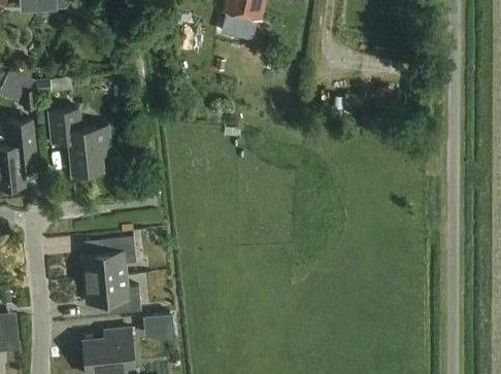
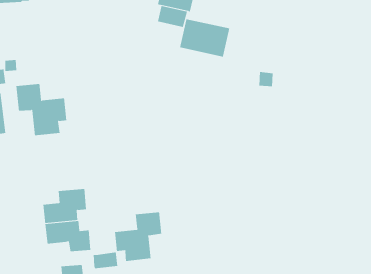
building: none -> [179,18,230,58]
building: none -> [115,211,162,262]

